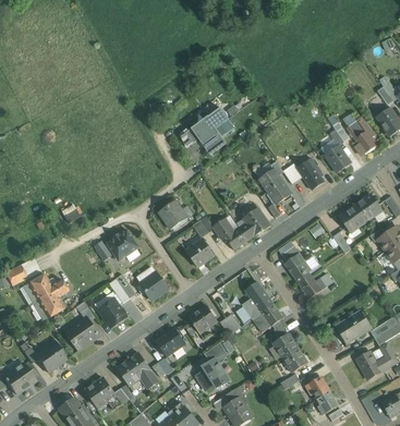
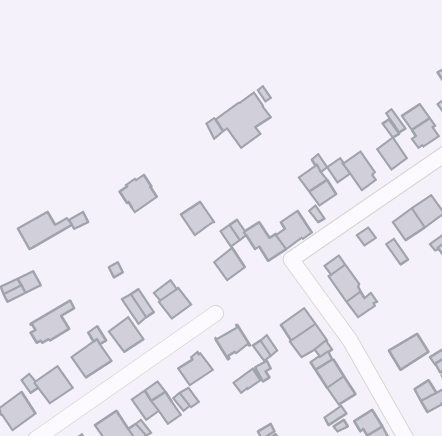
building: [106,229,137,260] -> [119,175,157,212]
building: [19,272,64,304] -> [18,212,72,249]
building: [196,357,228,389] -> none

